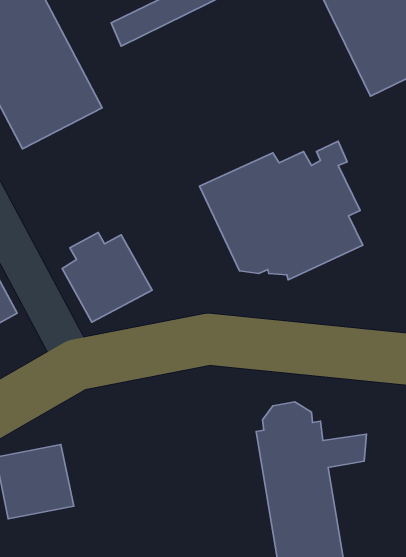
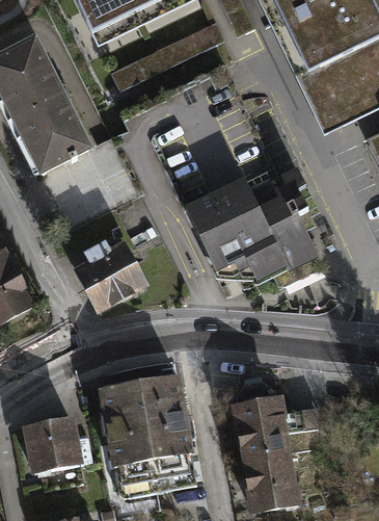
building: none -> [96,372,198,497]

